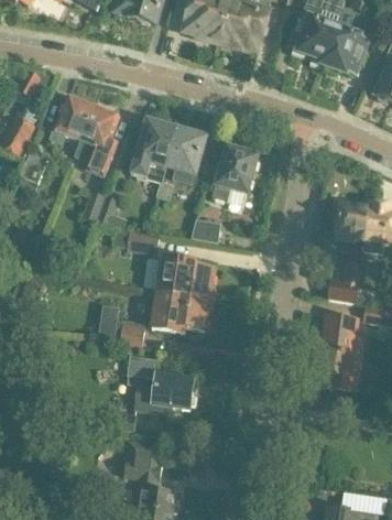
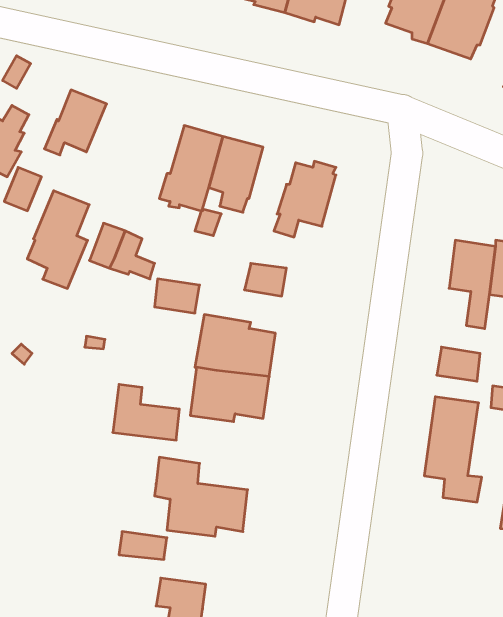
building: [75,106,119,175] -> [27,191,89,288]

